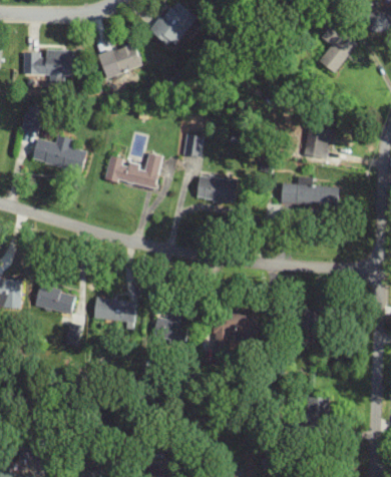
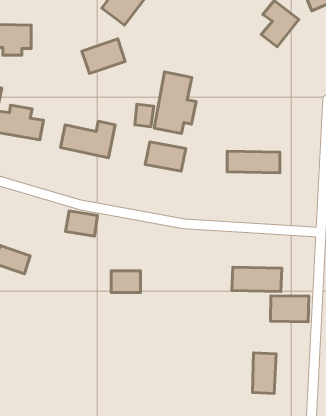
building: [96,42,142,79] -> [82,39,125,74]
building: none -> [154,72,196,134]
building: [311,121,334,155] -> none
building: [98,297,132,324] -> [65,211,97,236]
building: [215,315,258,347] -> none
building: none -> [271,296,309,322]

